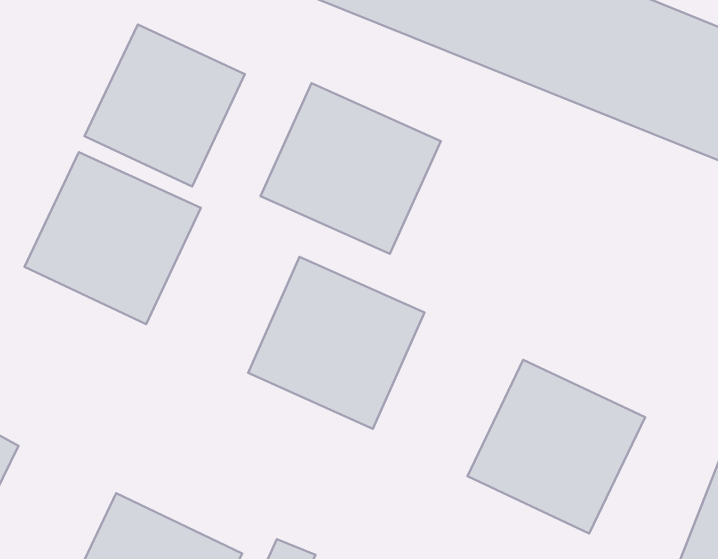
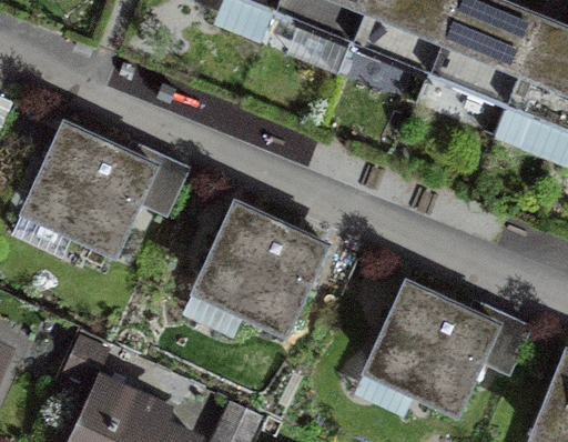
building: [84,25,245,187] -> none
building: [261,83,441,254] -> none

